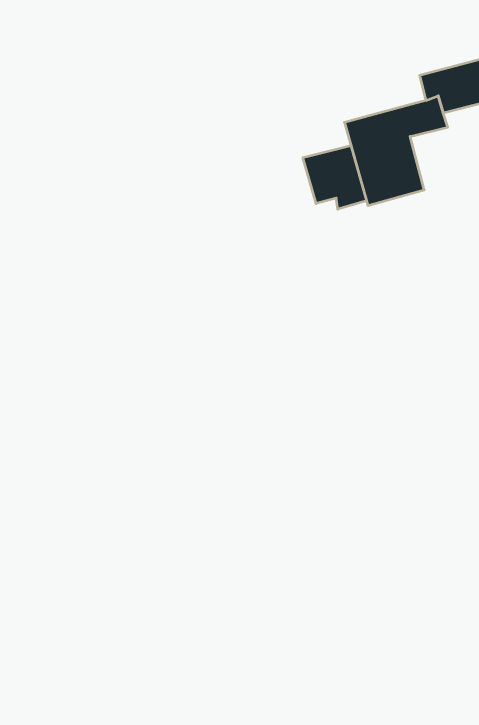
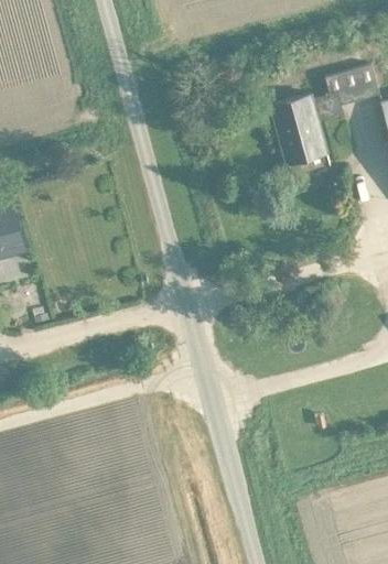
building: [303,146,367,209] -> none

